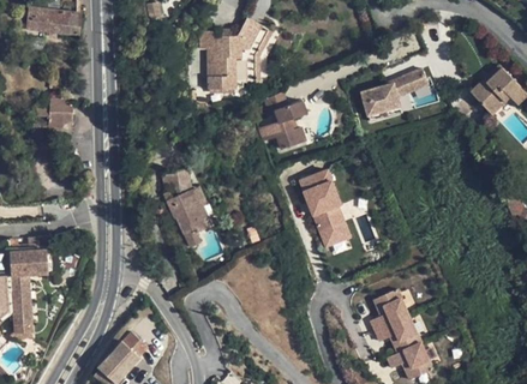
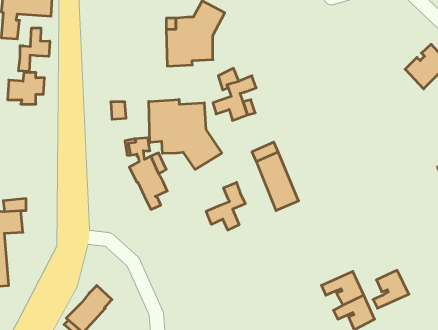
building: none -> [19,28,50,72]
building: [363,71,430,124] -> none
building: none -> [149,99,222,169]
building: none -> [206,182,245,230]
building: [372,289,412,331] -> [373,270,409,308]

